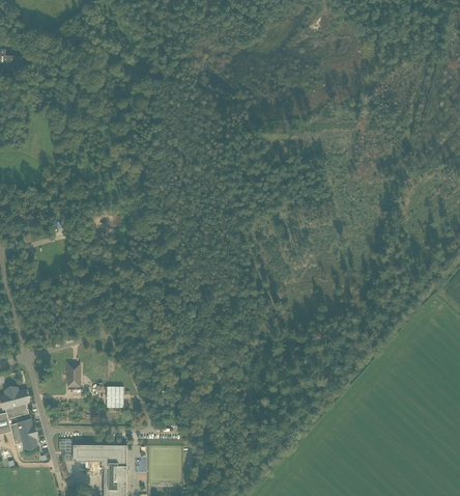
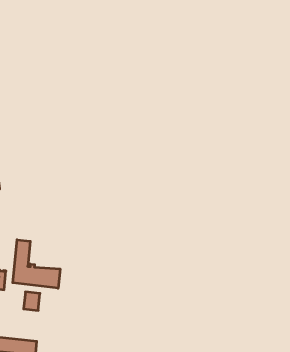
building: none -> [13,240,60,288]

